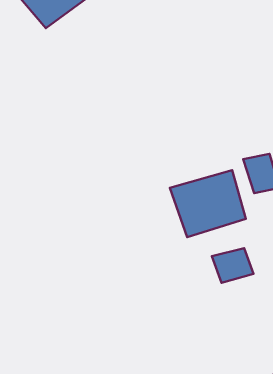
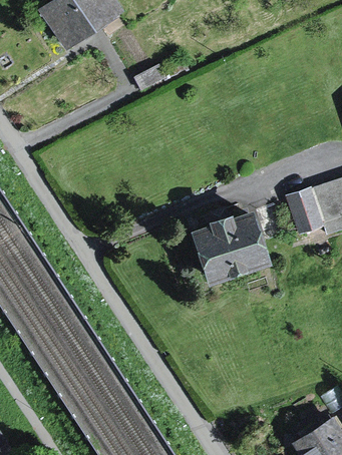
building: [212,248,253,283] -> none

